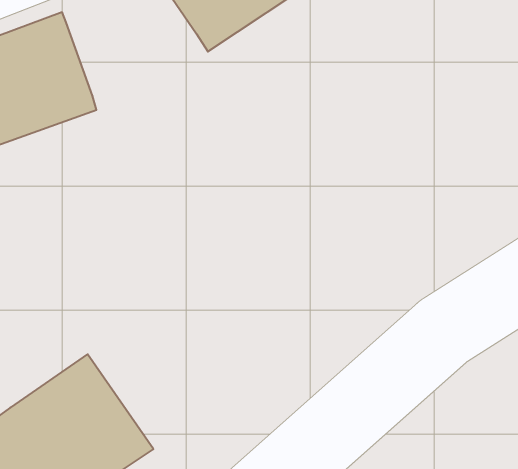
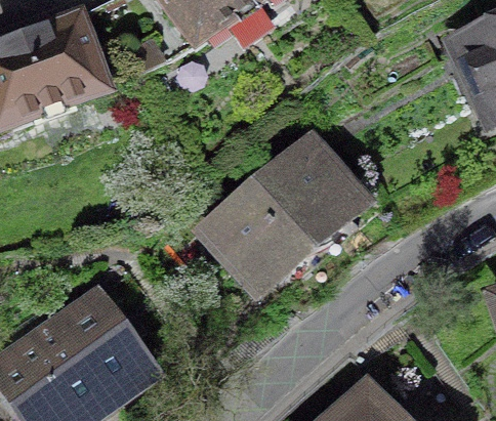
building: none -> [220,157,348,277]

